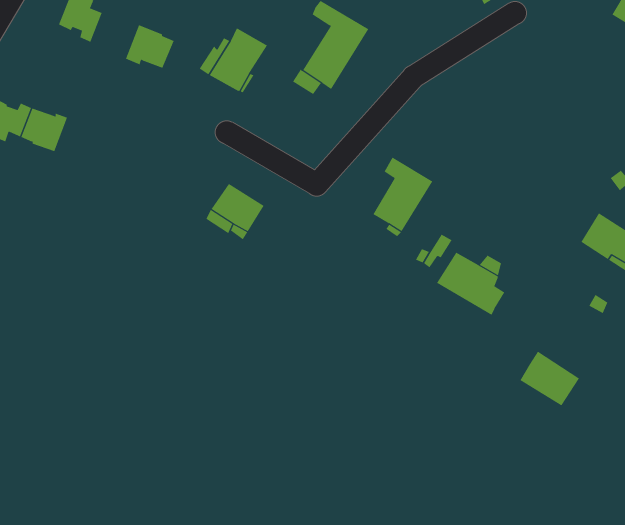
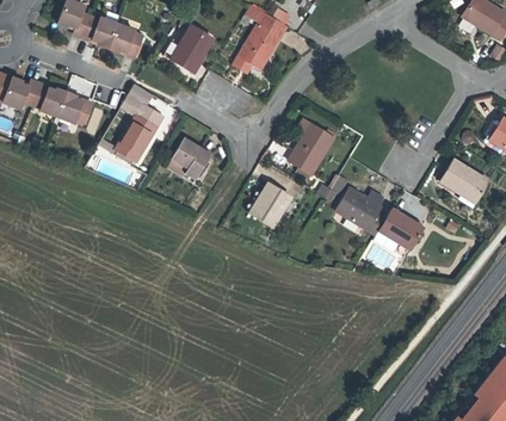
building: none -> [84,14,118,48]
building: none -> [115,83,162,161]
building: none -> [57,91,93,125]
building: none -> [249,184,291,227]
building: [519,351,580,406] -> [378,209,422,249]

